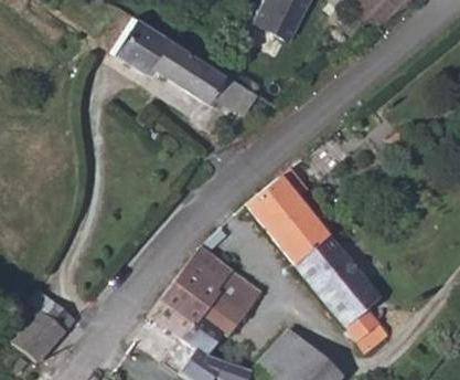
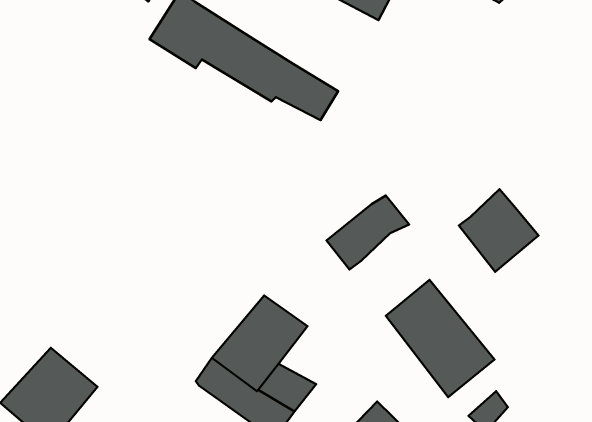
building: [268,201,329,264] -> [459,189,539,272]
building: [214,272,263,316] -> none

